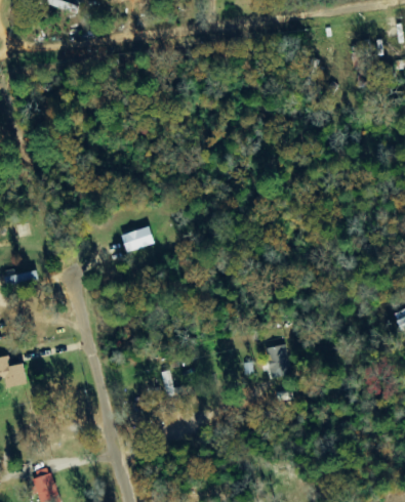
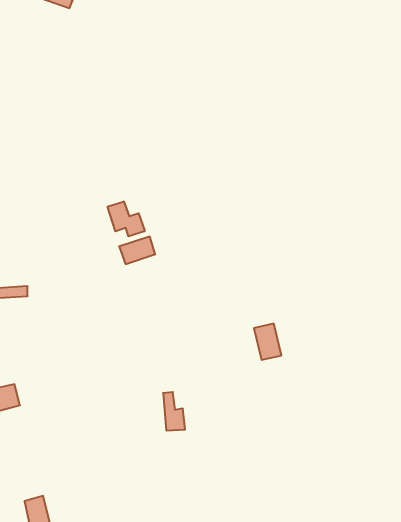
building: none -> [108,201,145,236]
building: [265,344,290,378] -> [254,324,281,360]

